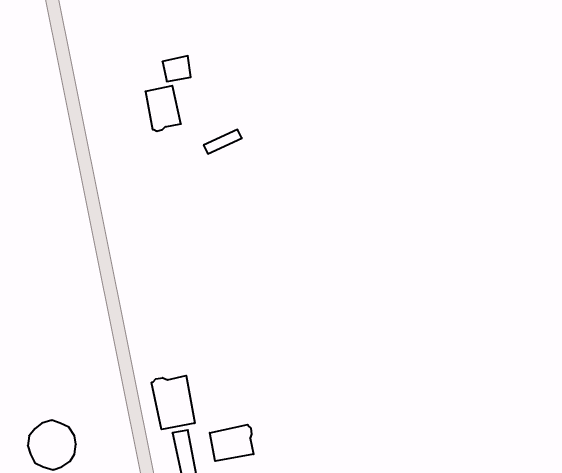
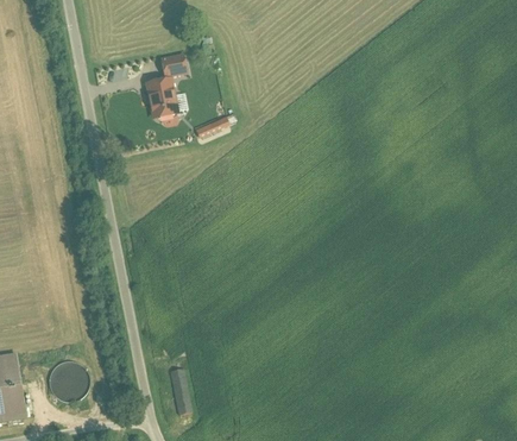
building: [152,376,195,429] -> none
building: [210,425,254,461] -> none

